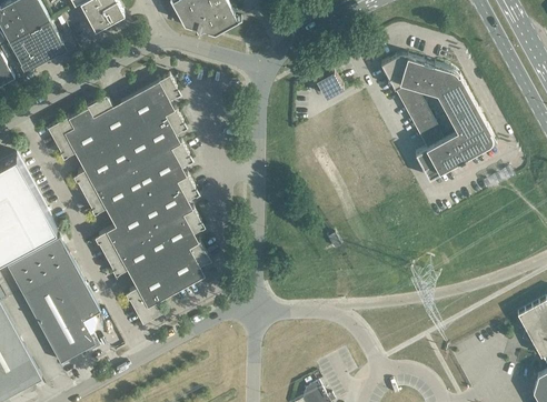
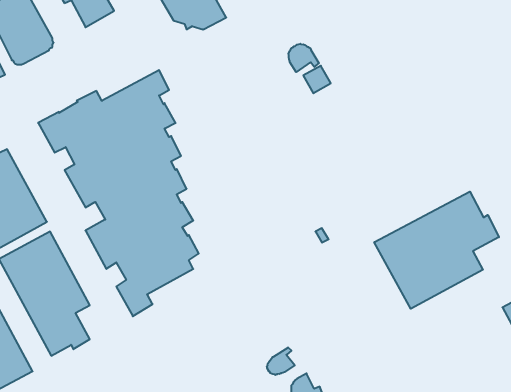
building: none -> [288,44,319,72]
building: [381,53,497,178] -> none
building: none -> [374,192,499,309]
building: none -> [267,347,295,375]

